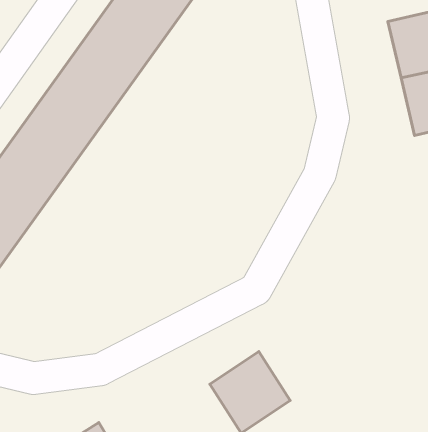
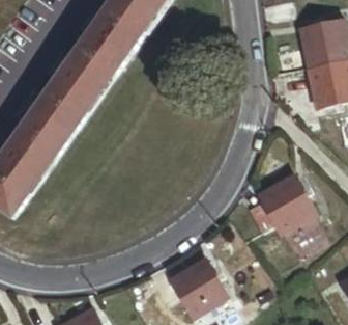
building: none -> [248,173,315,232]

